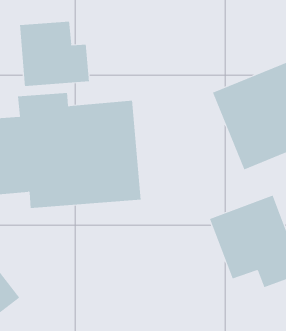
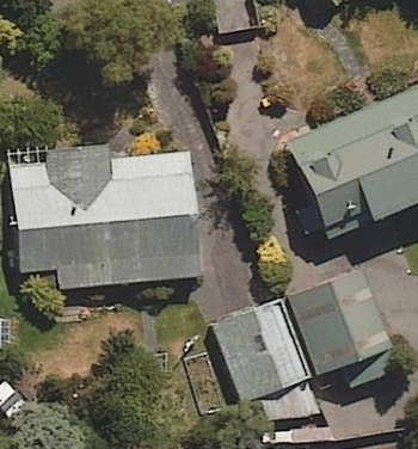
building: [19,21,89,87] -> none
building: none -> [217,299,325,416]

